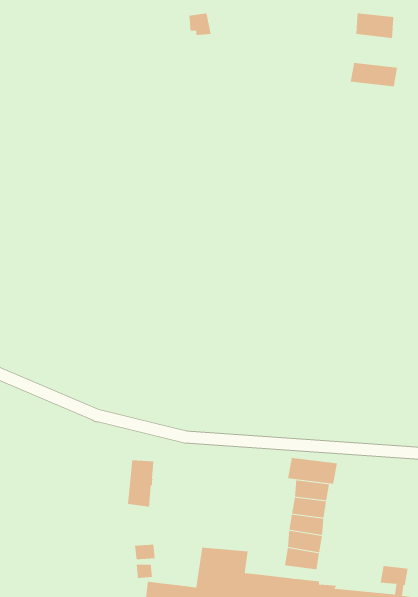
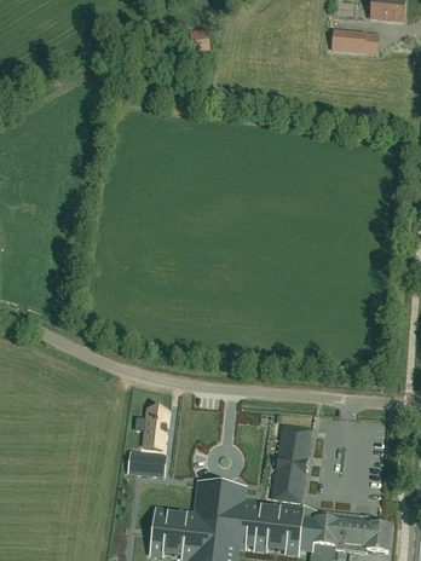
building: [350,62,398,87] -> none
building: [287,457,337,485] -> none
building: none -> [128,452,167,476]

